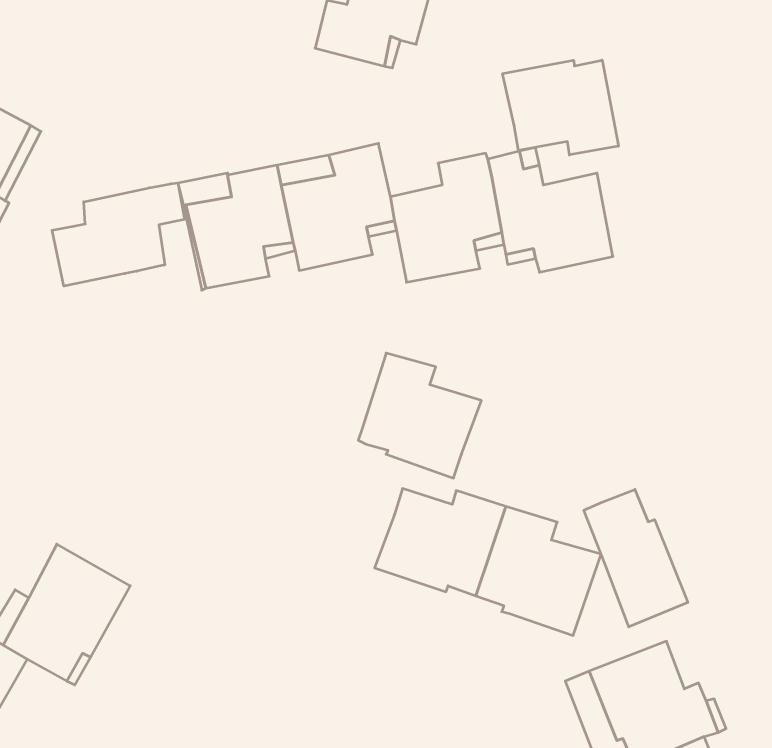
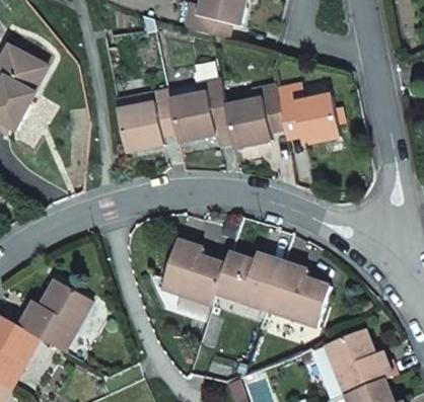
building: [503,60,618,155] -> none
building: [52,183,185,286] -> none
building: [358,353,481,478] -> [163,241,226,305]
building: [584,489,688,627] -> none

